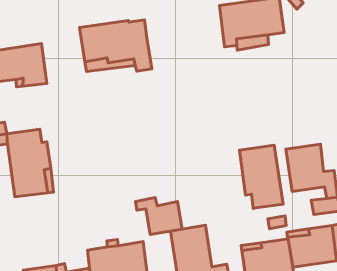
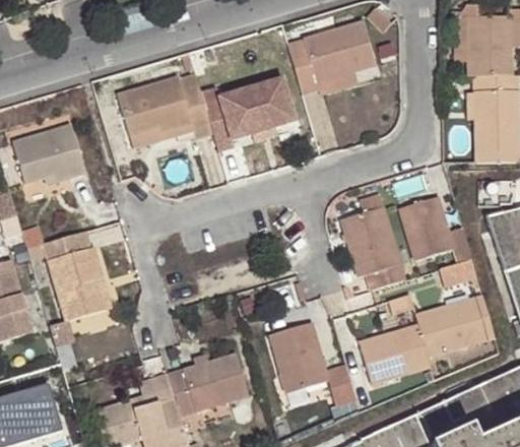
building: none -> [202,80,294,153]
building: [135,198,182,235] -> none

